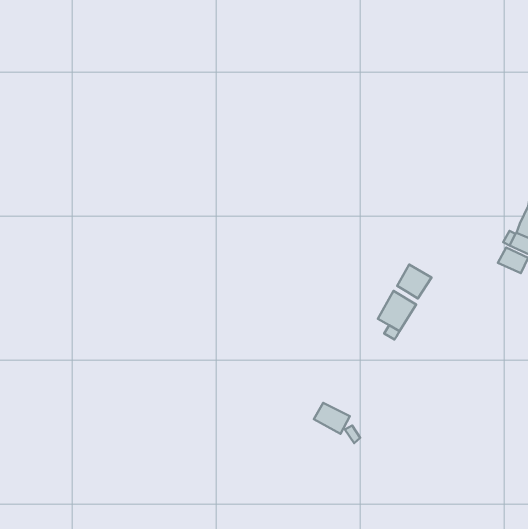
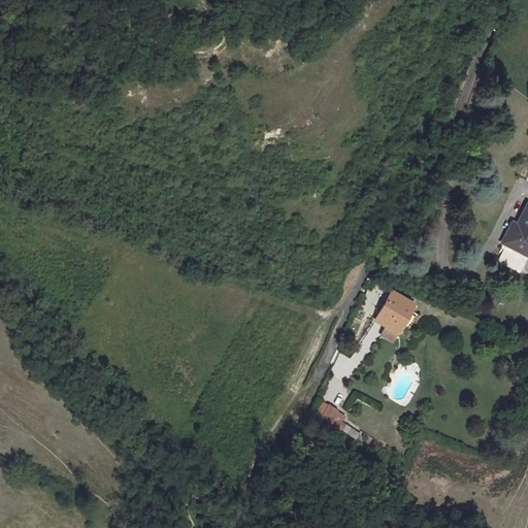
building: [397,264,431,299] -> none

